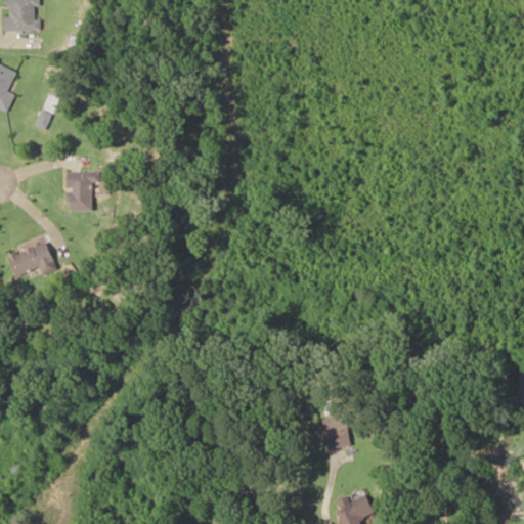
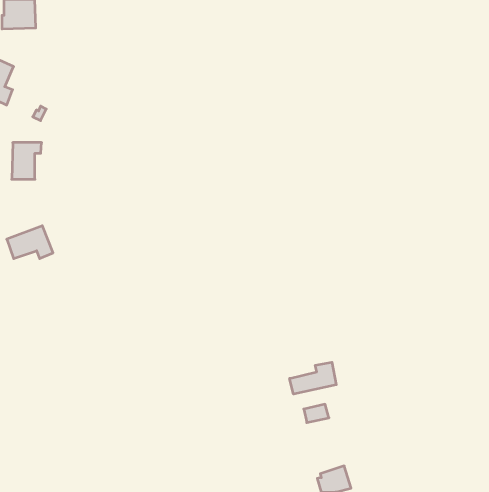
building: [67,172,98,211] -> [12,143,42,179]
building: none -> [290,362,336,394]

